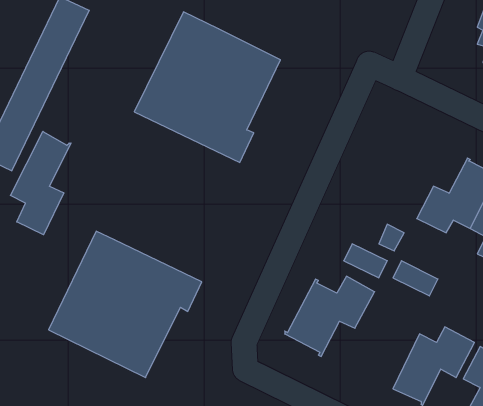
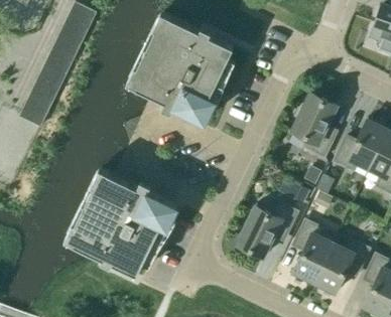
building: none -> [290,91,337,157]
building: [10,131,71,235] -> none
building: none -> [292,218,333,282]

